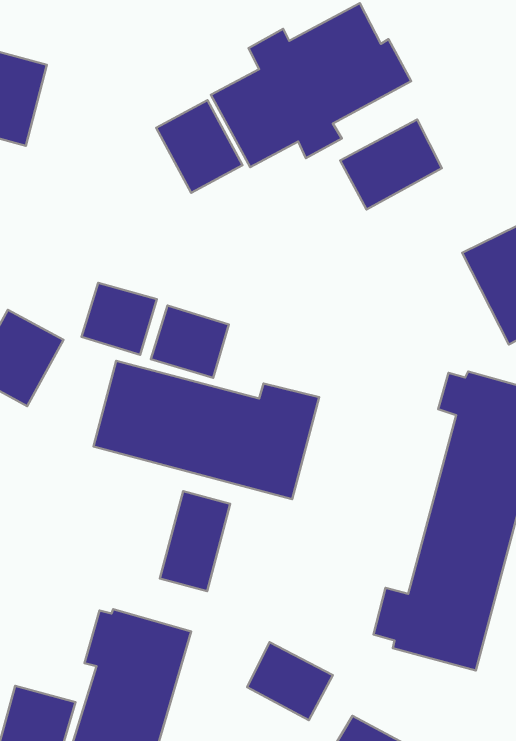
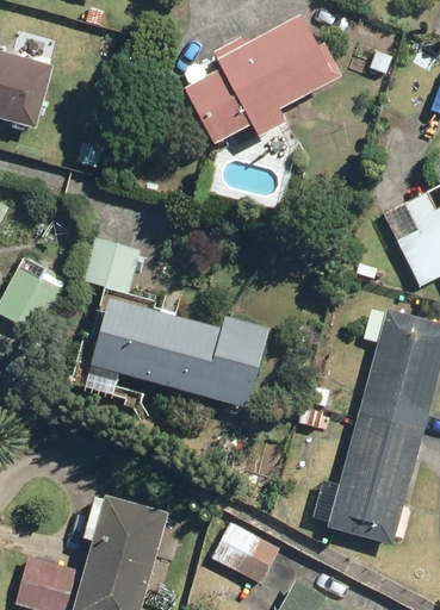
building: [156,100,243,193] -> none
building: [340,119,442,209] -> none
building: [151,305,229,378] -> none
building: [160,491,230,591] -> none

